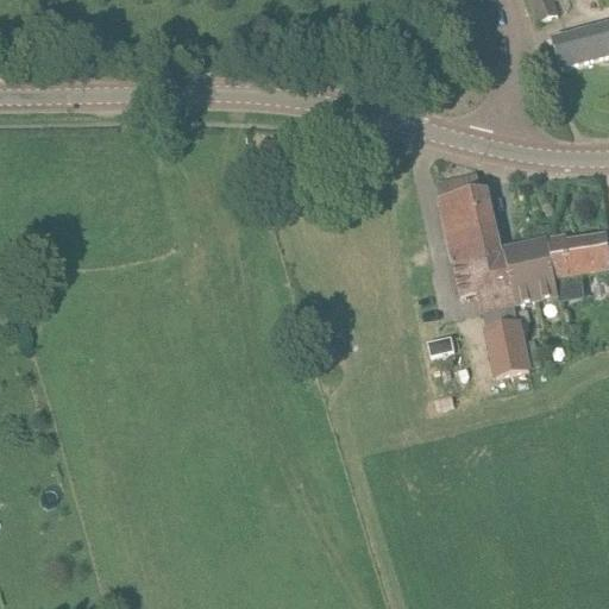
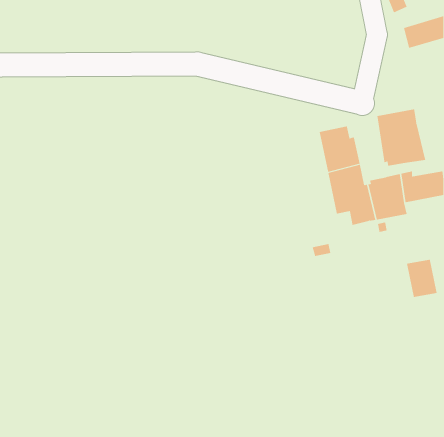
building: none -> [377,108,426,167]
building: [485,321,528,373] -> [406,259,438,297]

